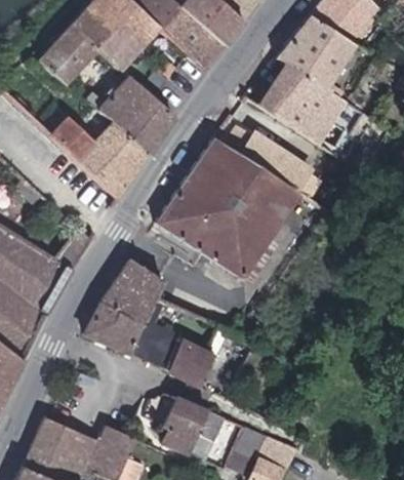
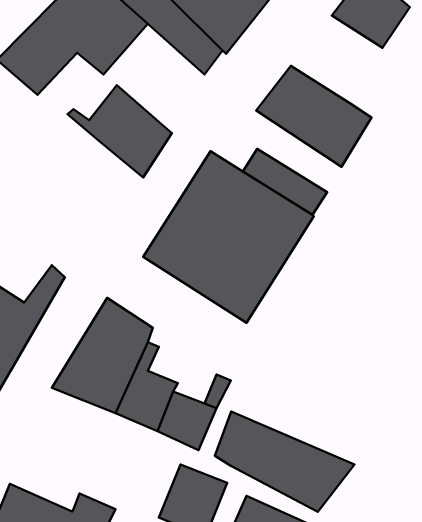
building: [278,13,360,92] -> none
building: [55,118,156,201] -> none
building: none -> [215,412,354,512]
building: [152,391,188,429] -> none

